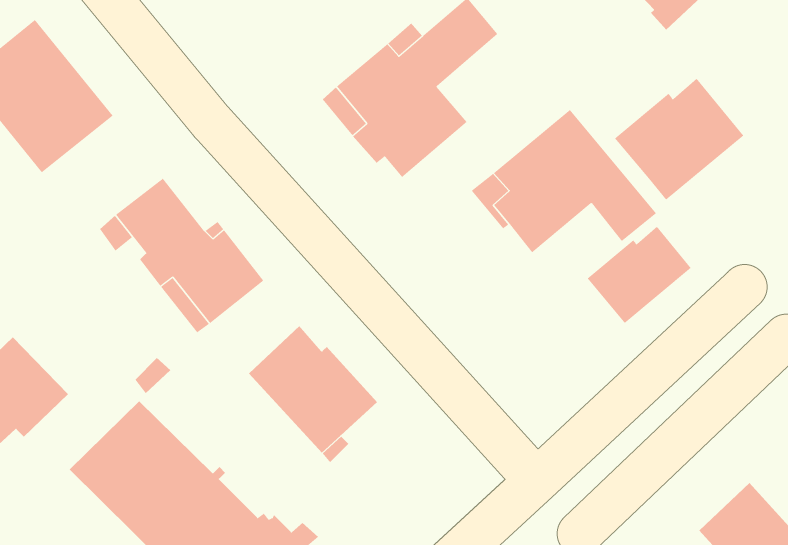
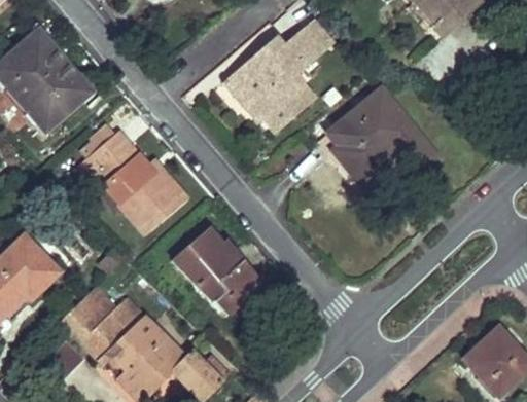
building: [614,78,744,200] -> none
building: [587,226,692,324] -> none

